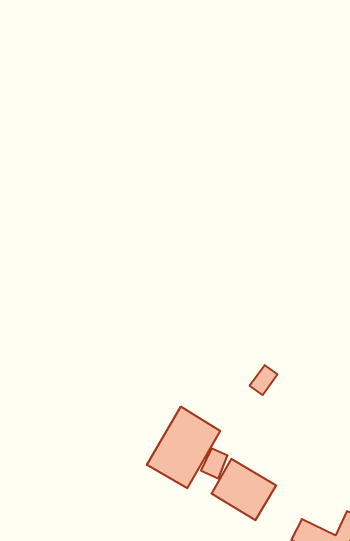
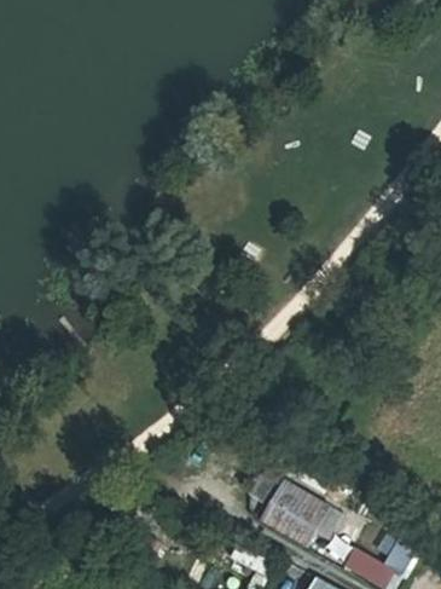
building: [147,407,220,488] -> none

